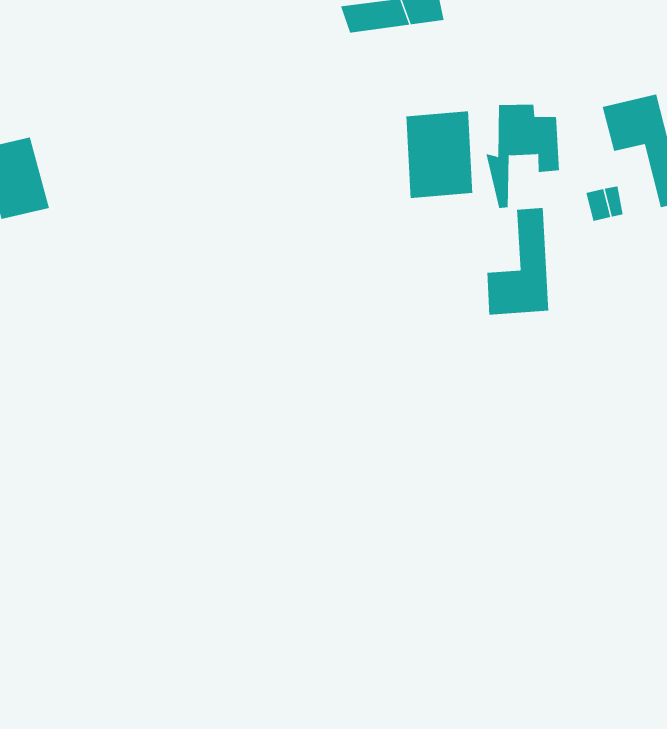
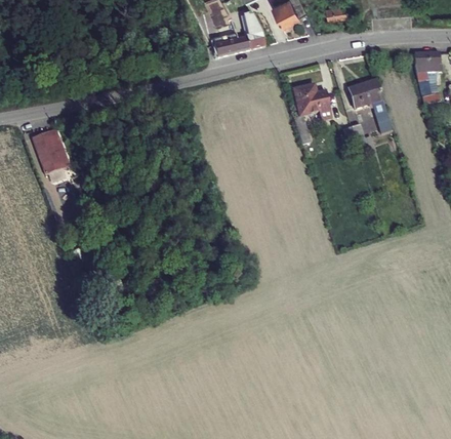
building: [406,110,473,199] -> none
building: [487,207,549,316] -> none

